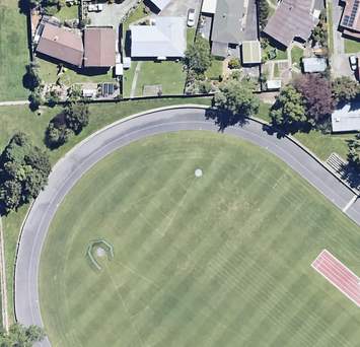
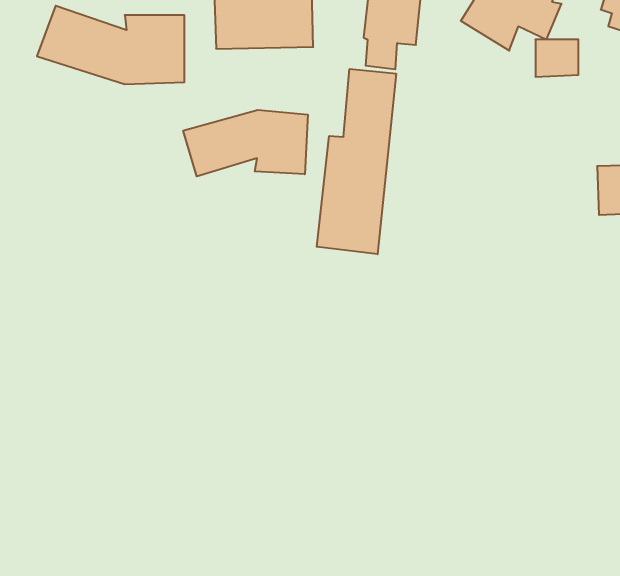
building: [242,29,262,53] -> none
building: none -> [317,69,396,254]
building: none -> [183,110,308,176]

